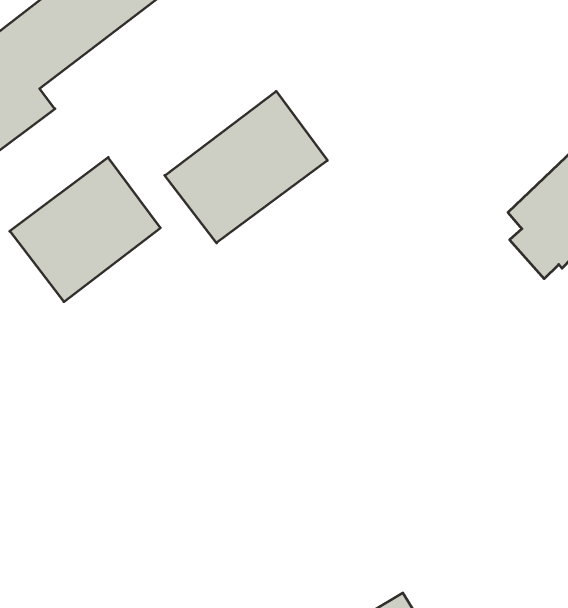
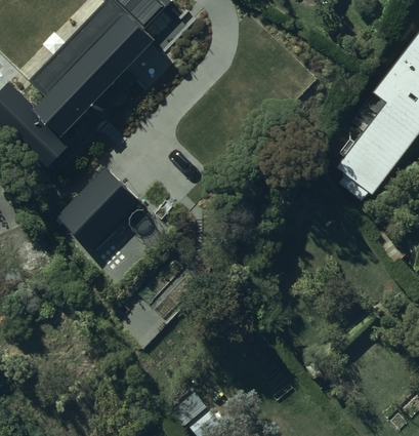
building: [165,91,327,243] -> none

